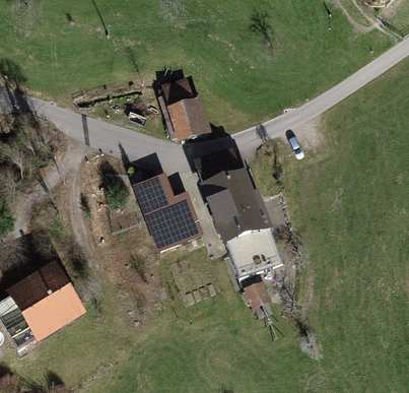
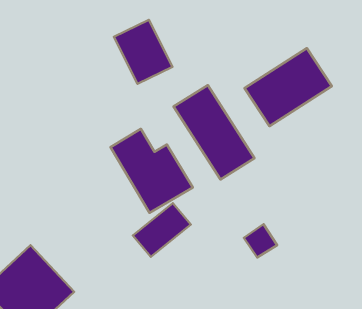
building: none -> [245,48,332,126]
building: [227,236,282,281] -> [133,203,191,257]

